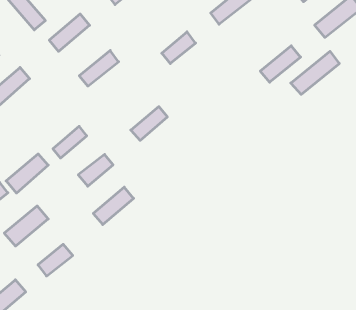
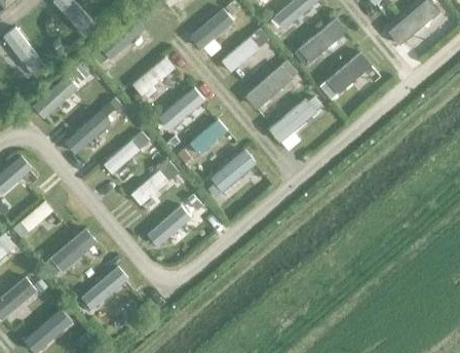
building: none -> [189,9,233,48]
building: [291,51,339,94] -> [293,18,346,66]
building: none -> [245,67,292,108]
building: none -> [157,87,205,132]
building: none -> [267,97,316,144]
building: none -> [206,150,257,198]
building: [6,154,48,193] -> [64,110,110,153]

